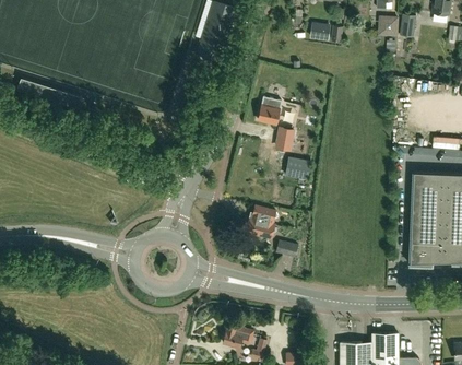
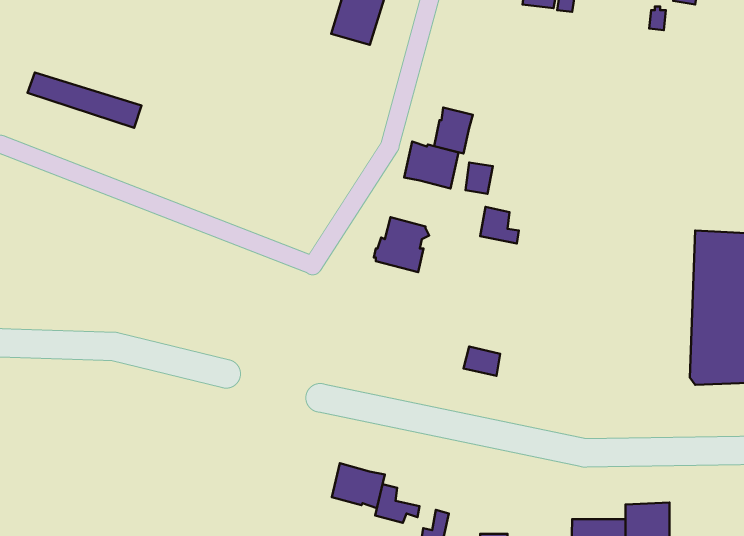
building: none -> [404,141,459,188]
building: [245,205,277,238] -> [374,217,429,272]
building: none -> [332,463,385,508]

